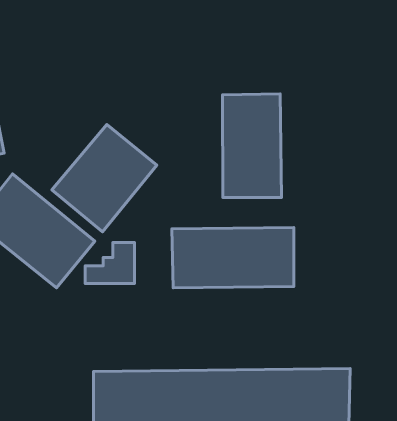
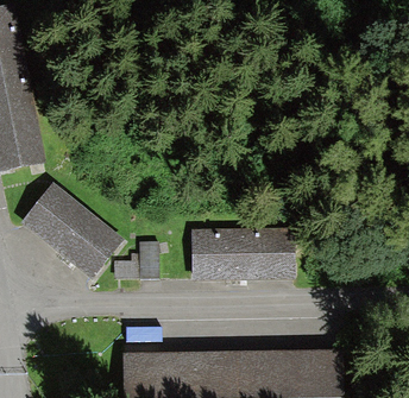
building: [223,94,281,197] -> none
building: [52,124,157,232] -> none

